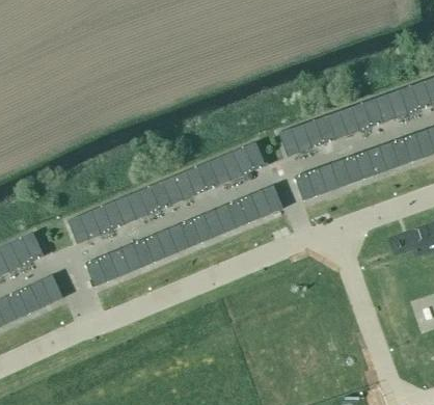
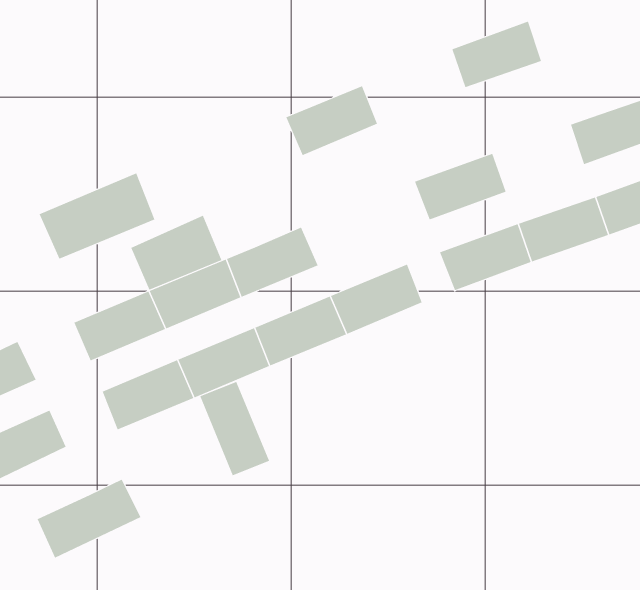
building: [326,98,382,139] -> [451,21,542,88]
building: none -> [39,173,155,260]
building: [208,141,265,185] -> [285,85,378,156]
building: none -> [131,215,222,291]
building: none -> [199,381,270,476]
building: none -> [37,479,141,559]

